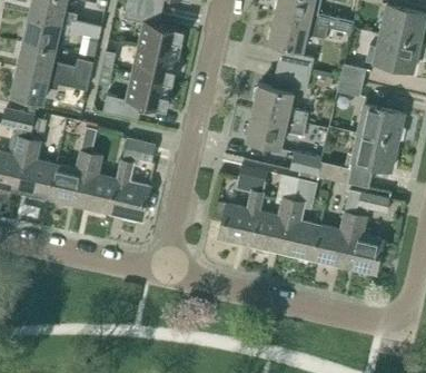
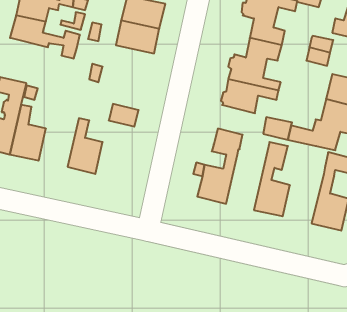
building: [11,67,75,101] -> none
building: [126,75,172,110] -> none
building: [48,124,97,206] -> none
building: [109,161,149,222] -> none
building: [250,175,297,255] -> none
building: [311,188,360,267] -> none

